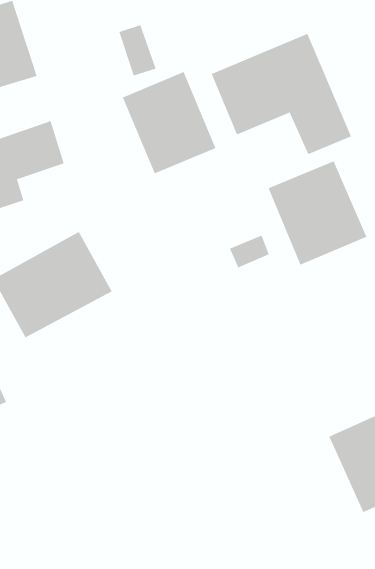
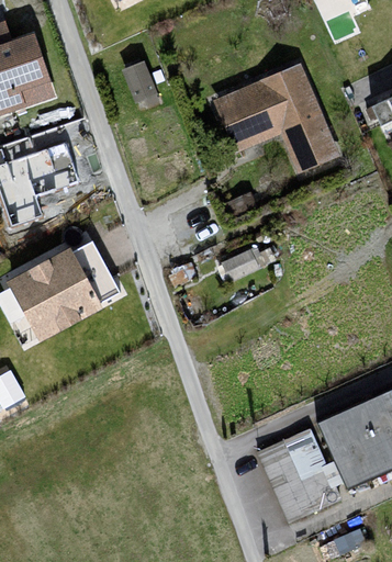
building: [122,71,216,174] -> none
building: [268,160,367,265] -> none
building: none -> [256,430,340,525]

